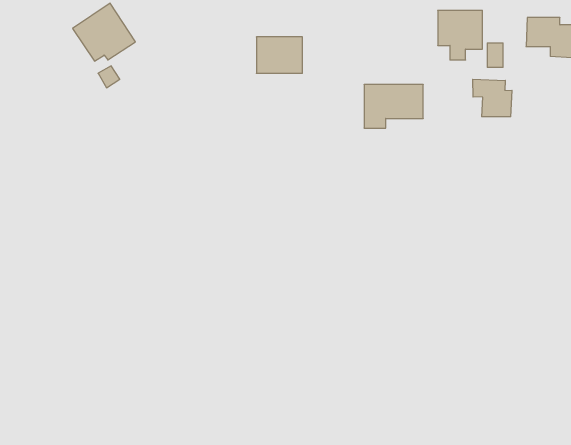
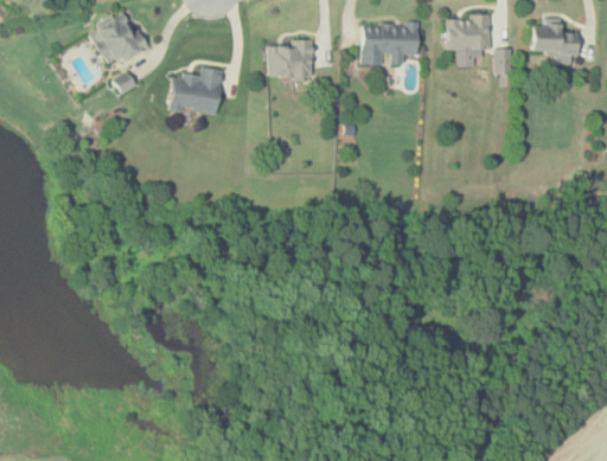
building: none -> [171,66,224,115]
building: [473,79,512,117] -> none
building: [364,85,423,128] -> [362,21,420,64]

